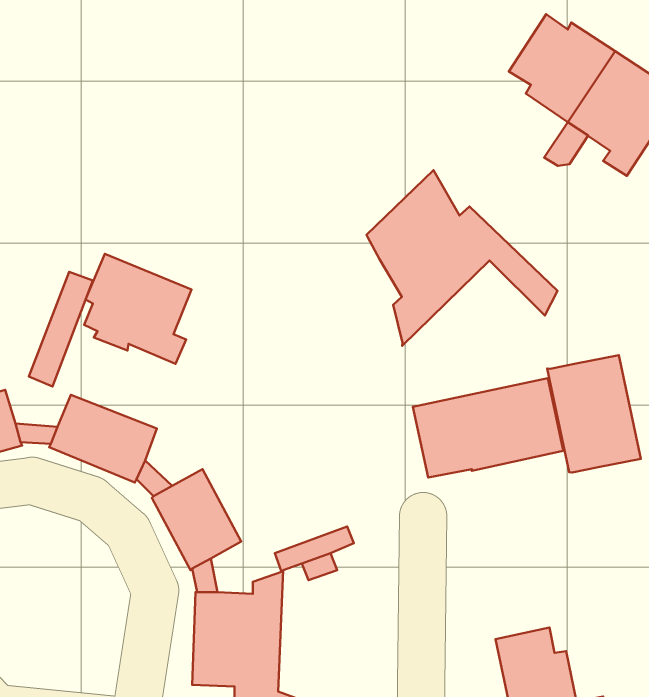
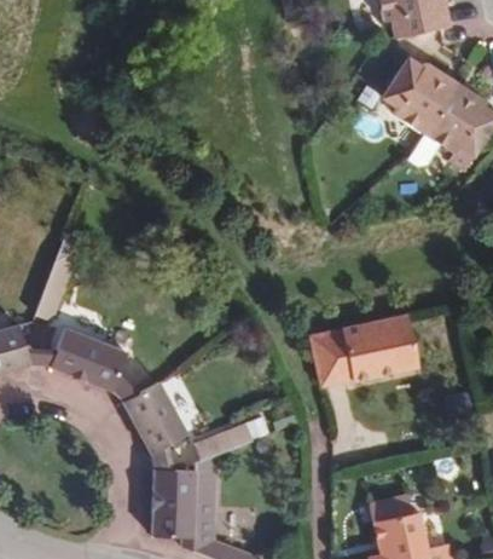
building: [367,170,557,346] -> none
building: [84,254,192,364] -> none
building: [547,355,641,472] -> none

